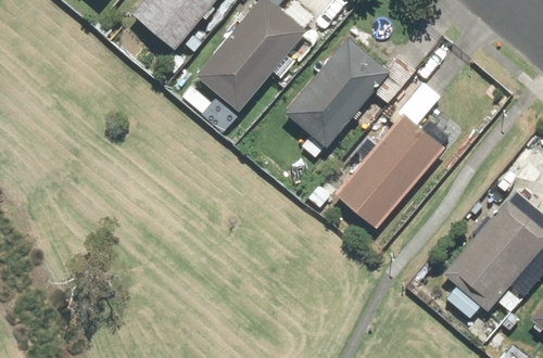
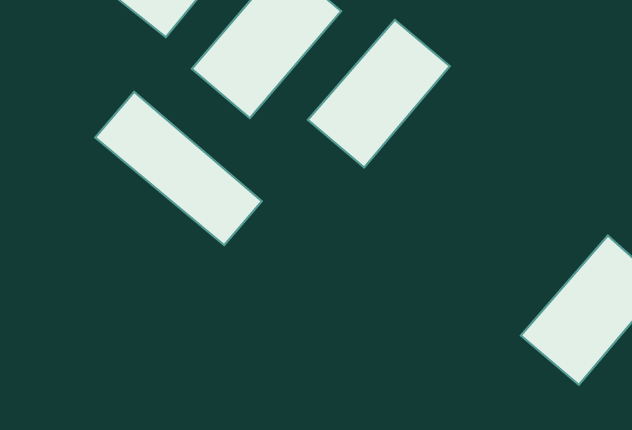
building: none -> [95,92,262,245]
building: [337,113,445,227] -> none

